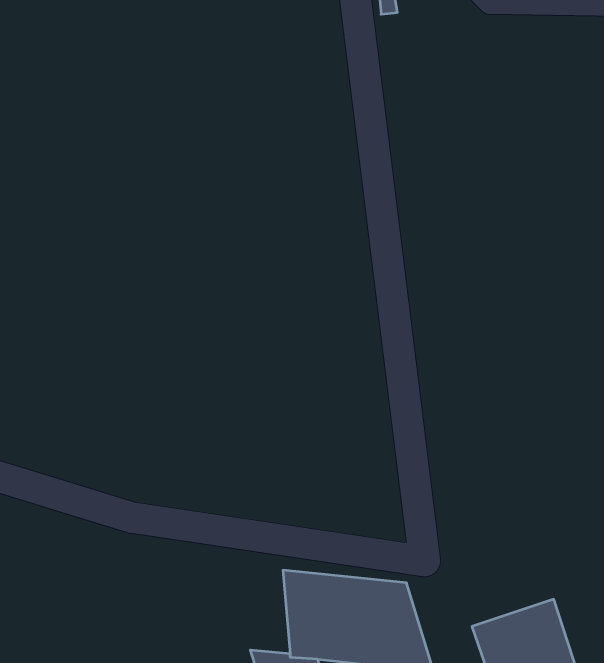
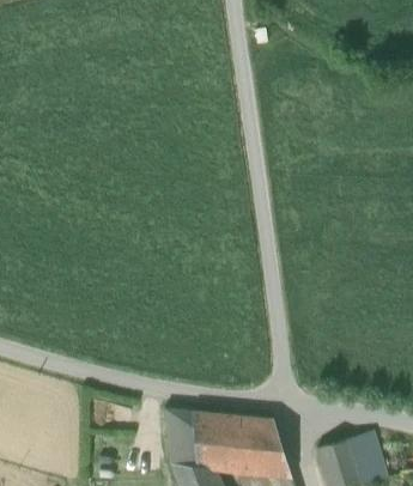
building: none -> [164,409,196,467]

